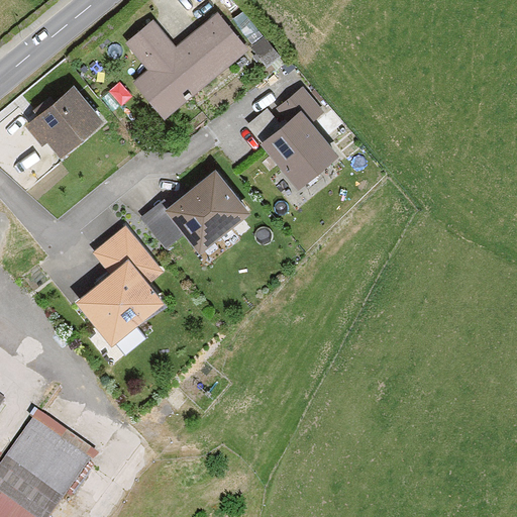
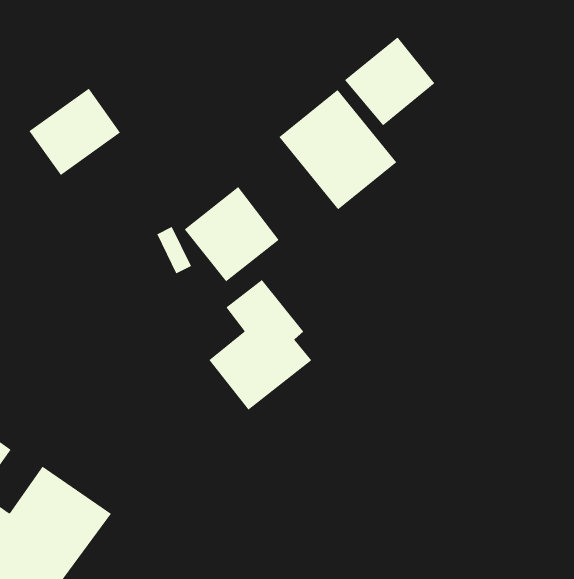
building: [123,12,253,125] -> none
building: none -> [344,36,435,126]
building: [76,226,168,342] -> [208,279,312,410]

